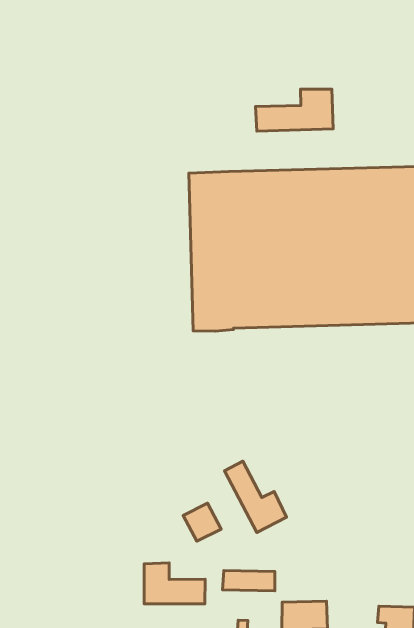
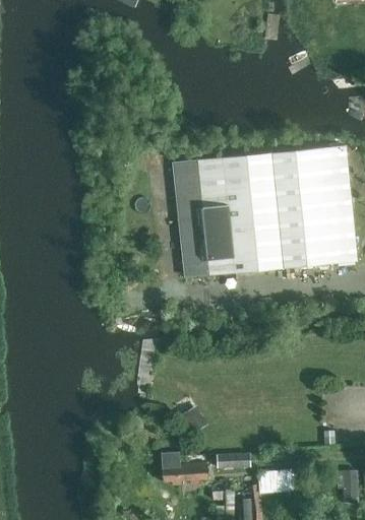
building: [256,89,333,131] -> none
building: [225,461,287,533] -> none

